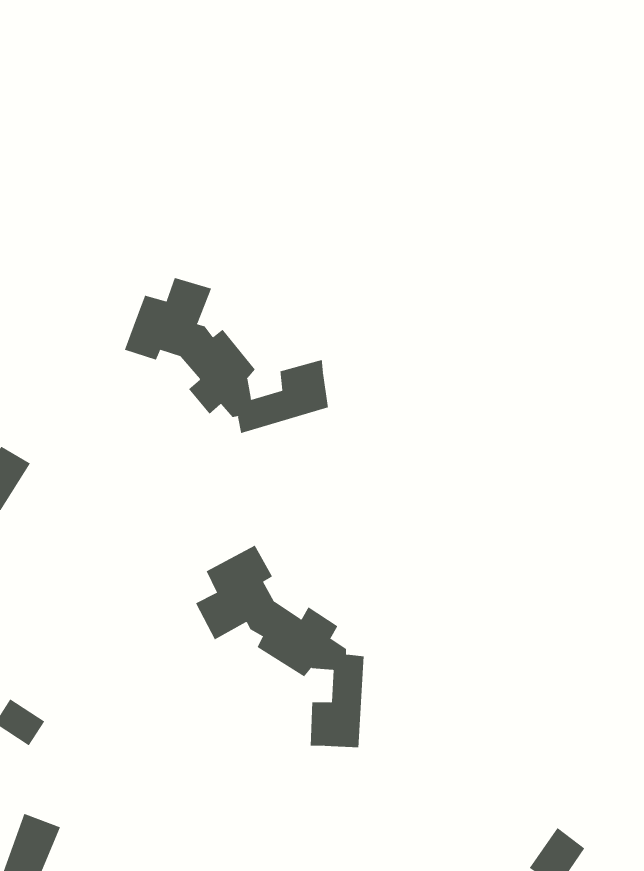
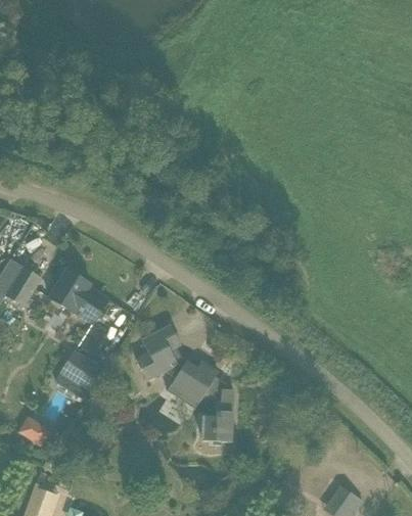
building: [124,277,328,434] -> none
building: none -> [48,269,108,324]
building: none -> [54,351,101,398]

